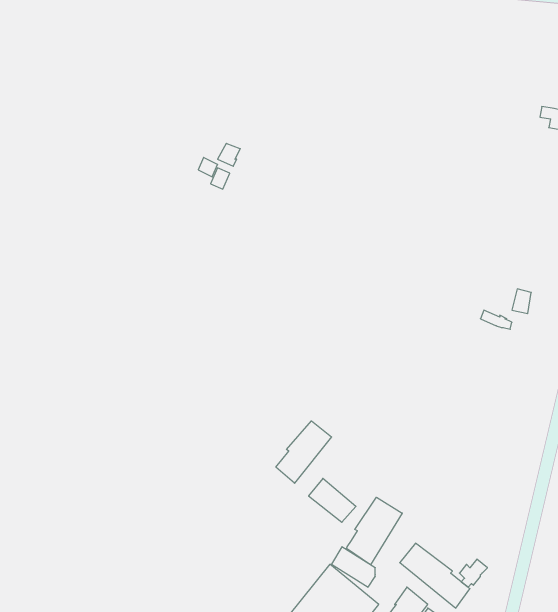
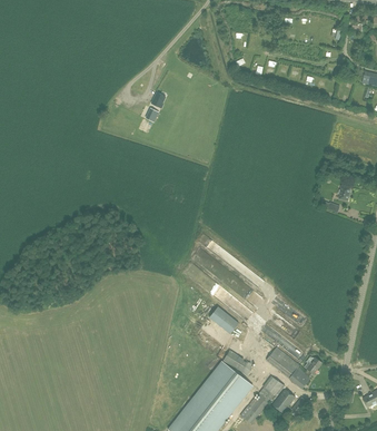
building: [276,421,332,483] -> none
building: [346,497,402,565] -> none

